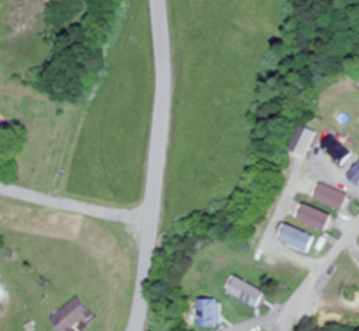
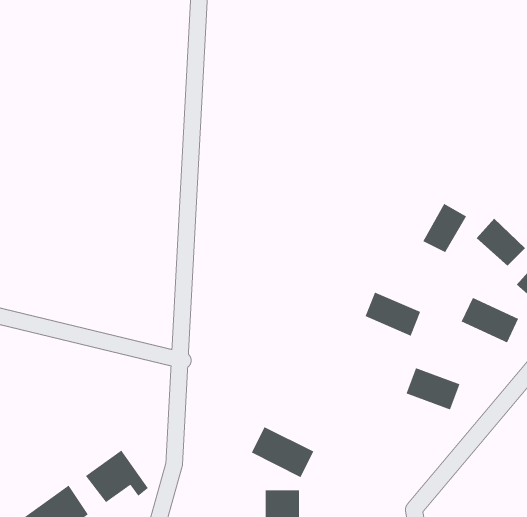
building: [297,204,331,231] -> [364,292,421,337]
building: none -> [85,449,149,503]
building: [224,276,263,308] -> [251,426,314,478]

